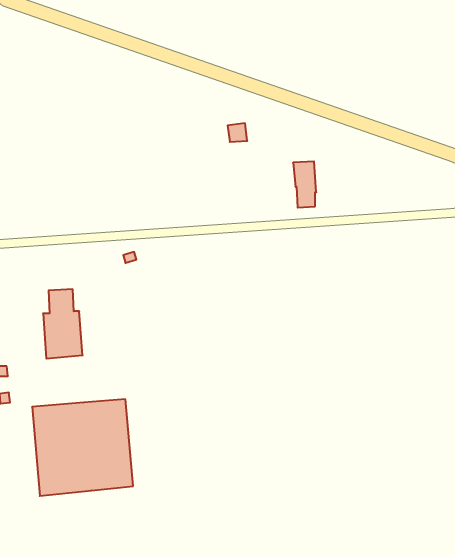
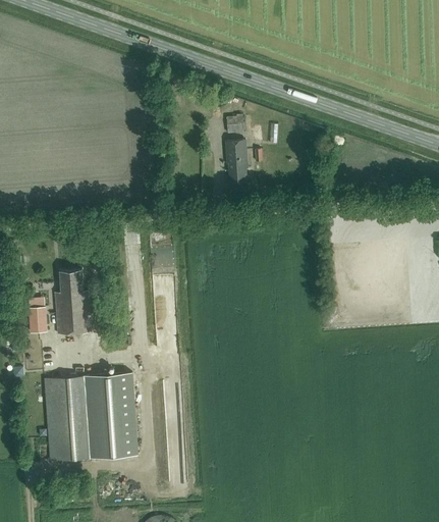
building: [293,161,316,208] -> [226,141,248,184]
building: none -> [30,304,46,332]

